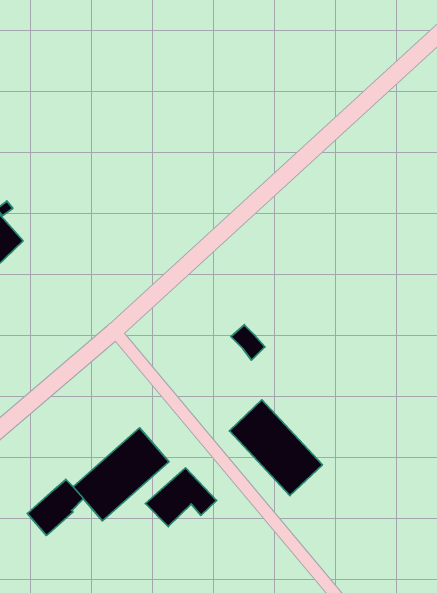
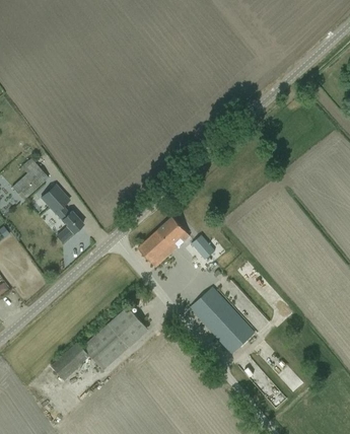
building: none -> [41,186,82,242]
building: none -> [138,216,190,267]
building: [145,468,217,527] -> none

